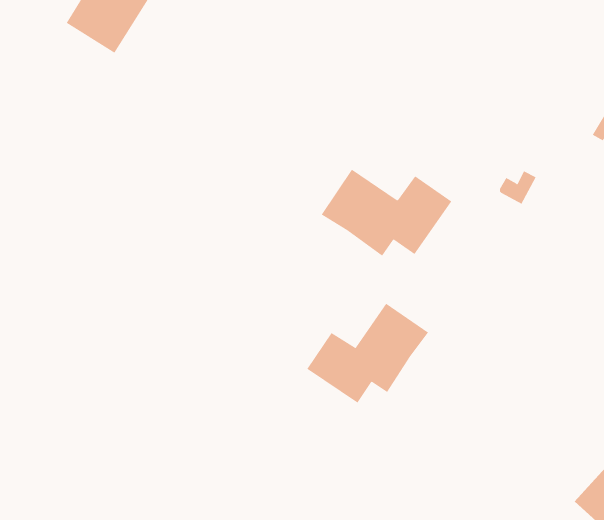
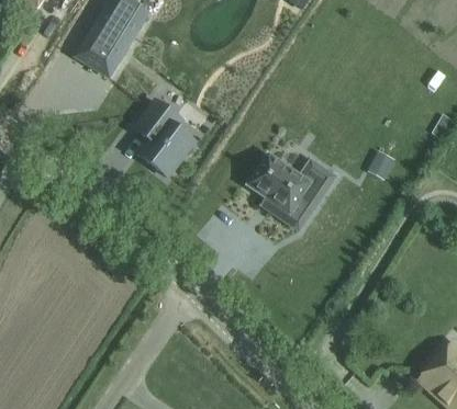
building: none -> [134,100,194,177]
building: [306,303,429,403] -> none

